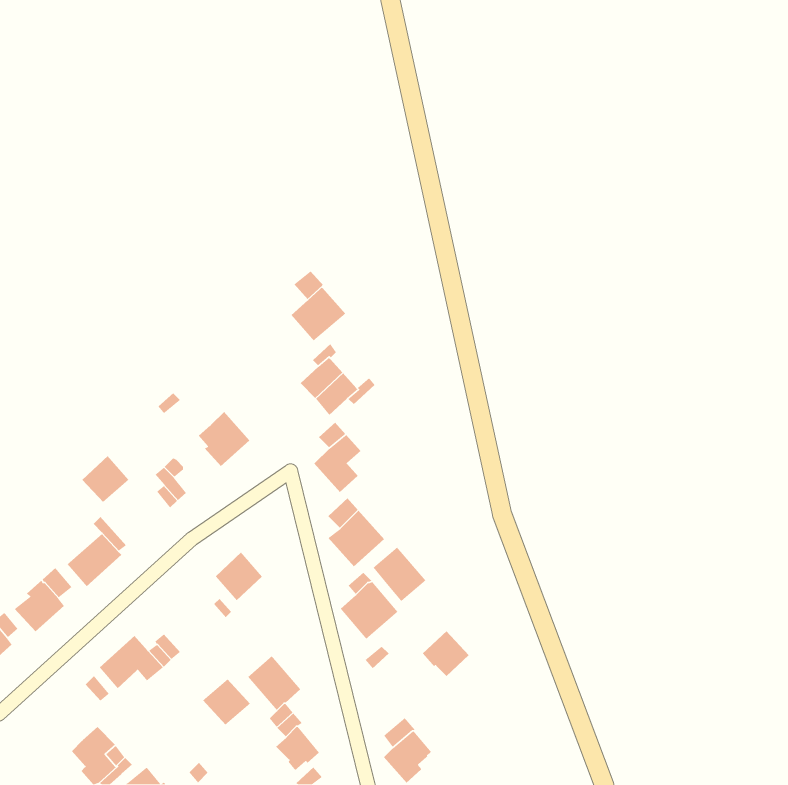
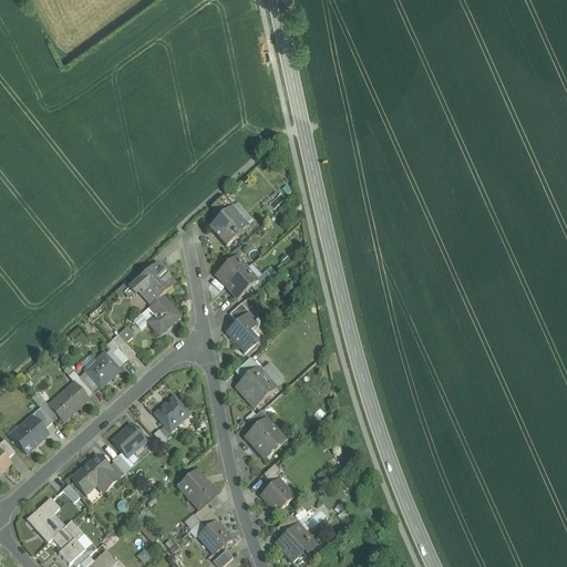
building: none -> [132,262,174,305]
building: [82,455,129,503] -> [84,352,118,386]
building: [372,547,427,603] -> none
building: none -> [112,425,143,456]
building: [422,630,470,677] -> [259,477,293,511]
building: [202,678,251,725] -> none
building: none -> [27,498,59,542]

